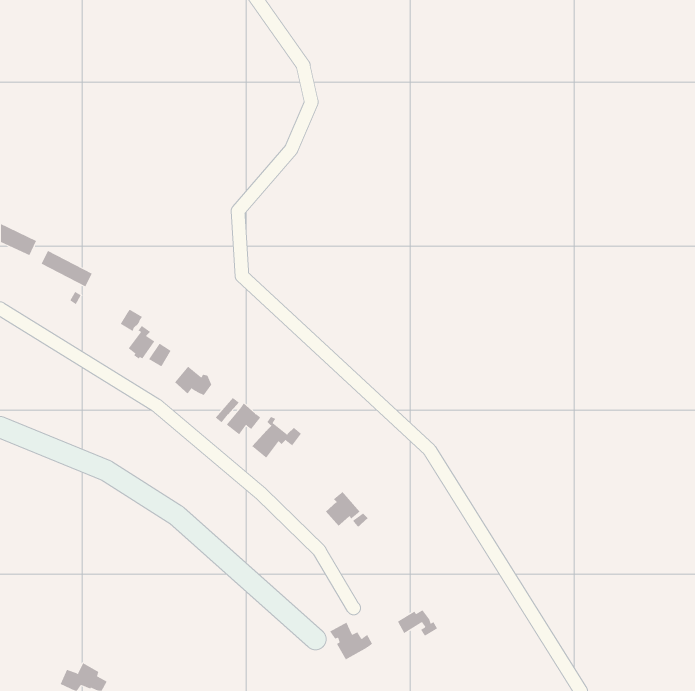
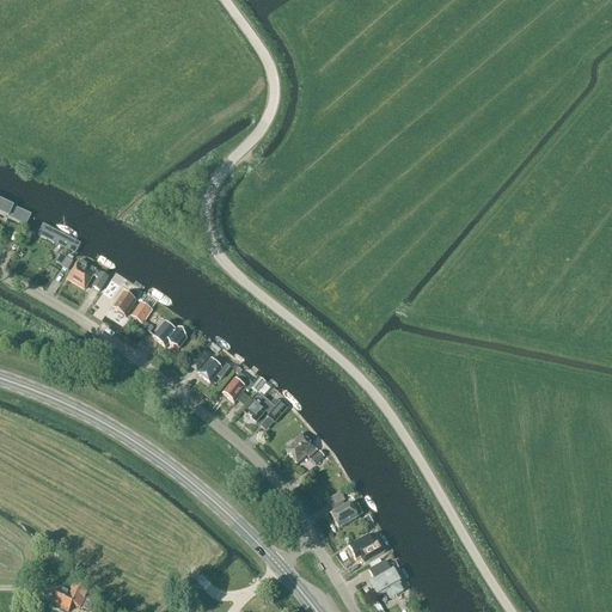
building: none -> [68,258,109,289]
building: none -> [244,393,287,422]
building: [329,622,373,660] -> [324,494,362,527]
building: none -> [368,559,403,596]

